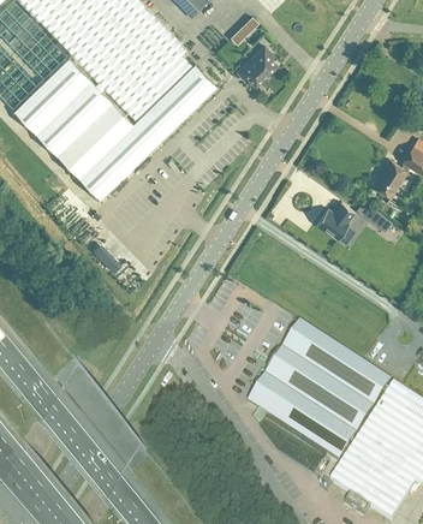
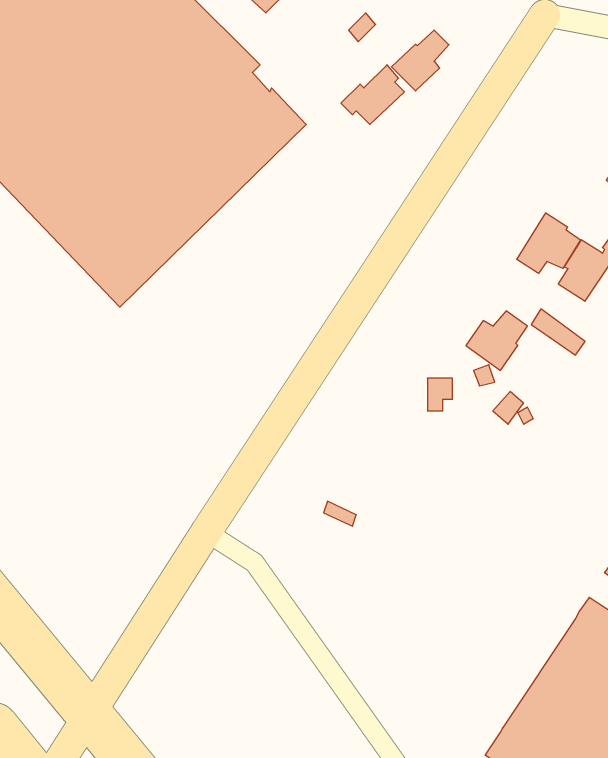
building: none -> [391,30,449,91]
building: none -> [517,213,581,273]
building: [246,321,389,460] -> none

